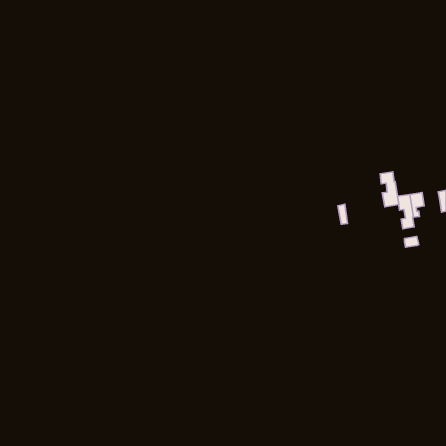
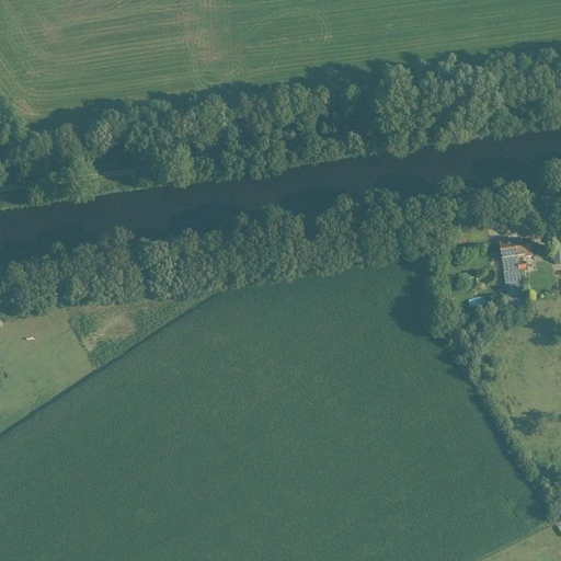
building: [380,172,399,207] -> none

